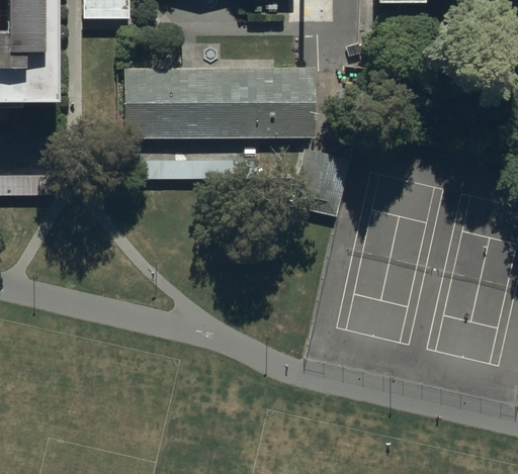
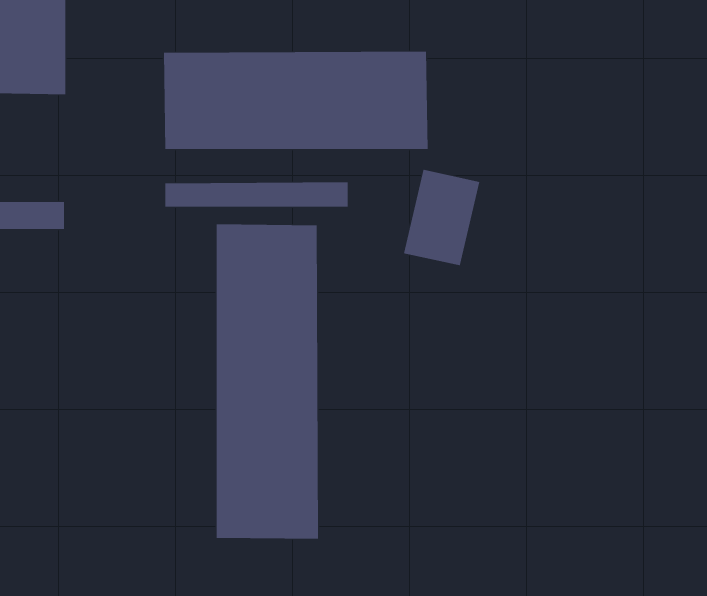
building: none -> [216,224,319,540]

